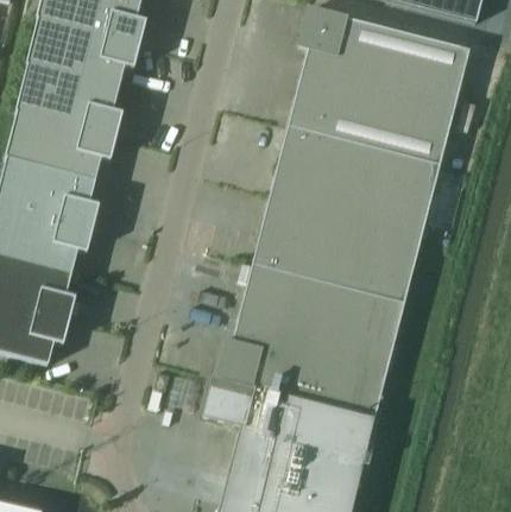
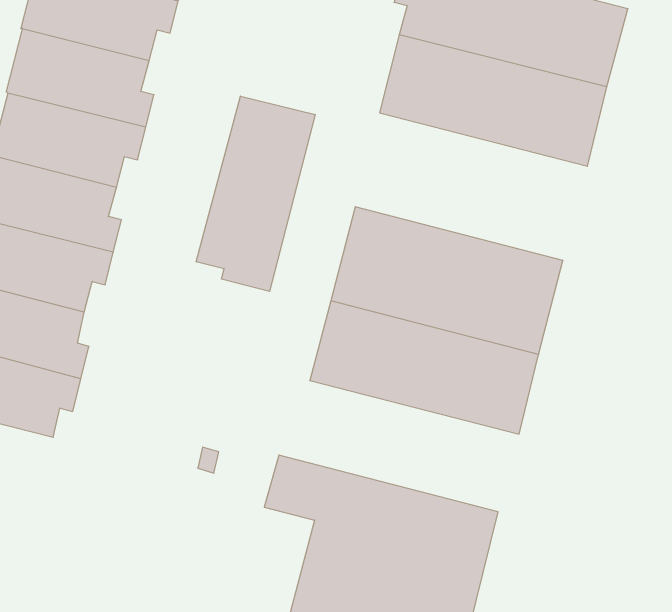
building: none -> [196,96,315,291]
building: [270,125,440,233] -> none
building: [214,321,390,417] -> none

